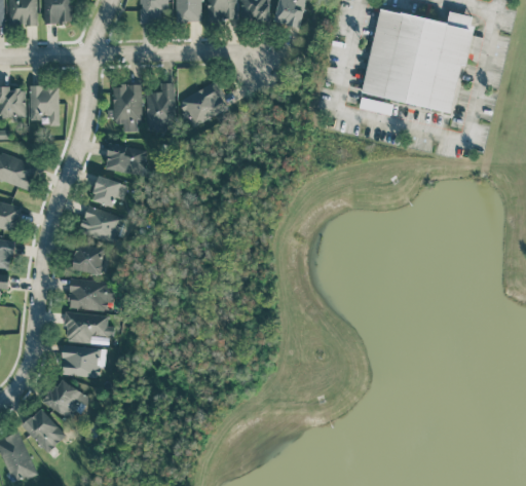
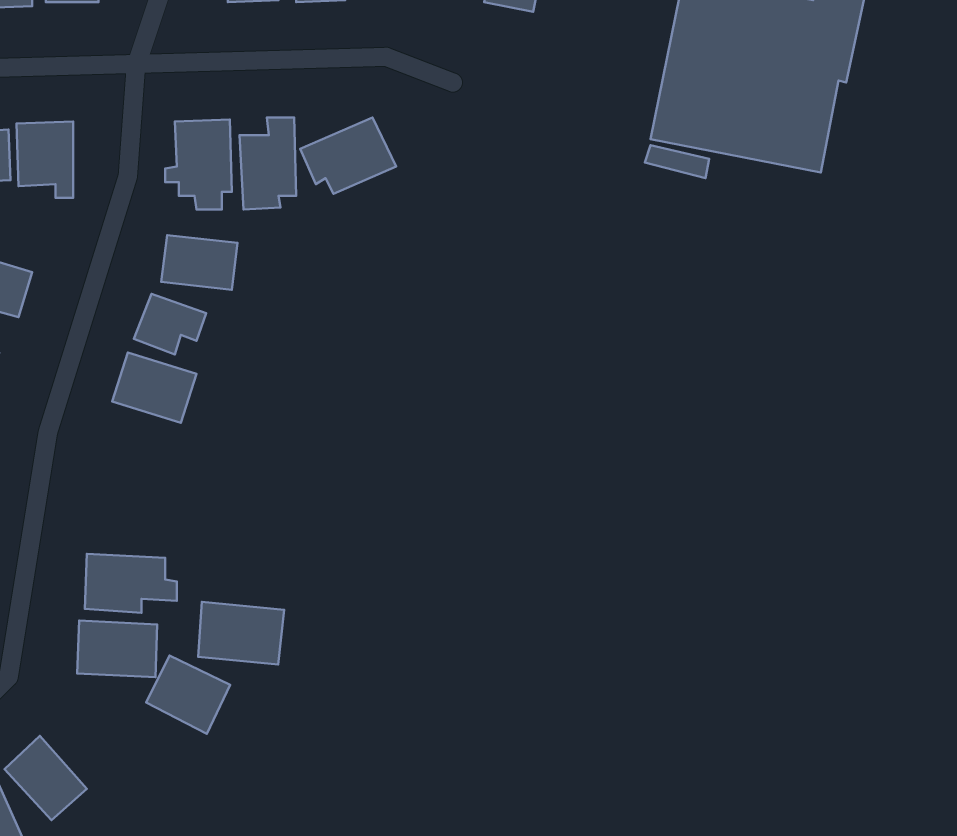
building: [73,245,104,273] -> none
building: [68,278,113,311] -> [198,602,284,665]
building: [45,380,89,421] -> [146,656,230,734]

